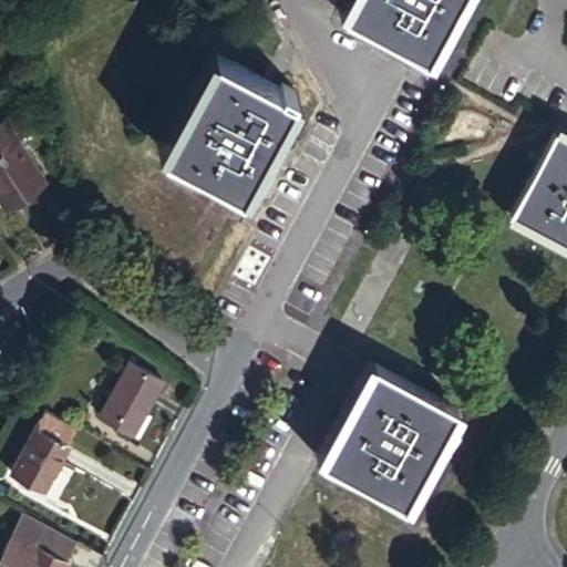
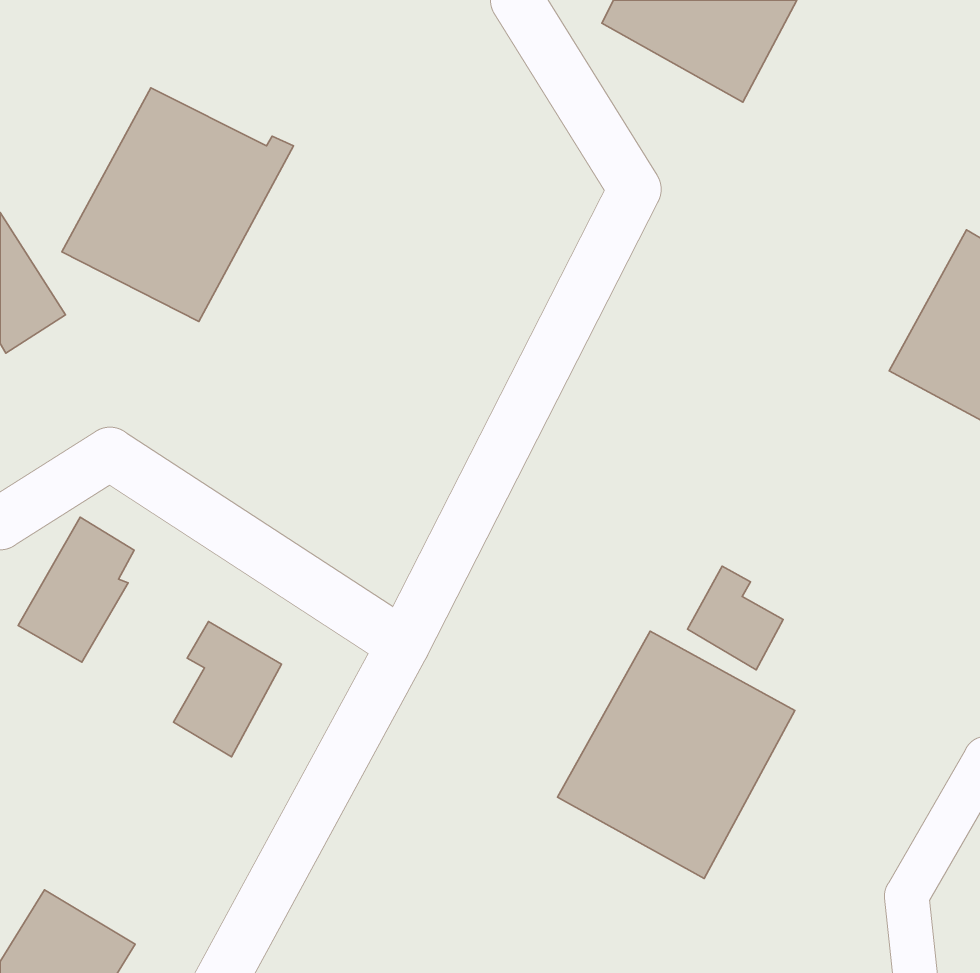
building: [163,60,296,194] -> [62,88,293,321]
building: none -> [688,566,783,670]
building: [8,414,74,497] -> [18,517,134,662]

